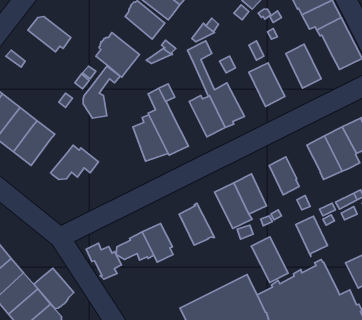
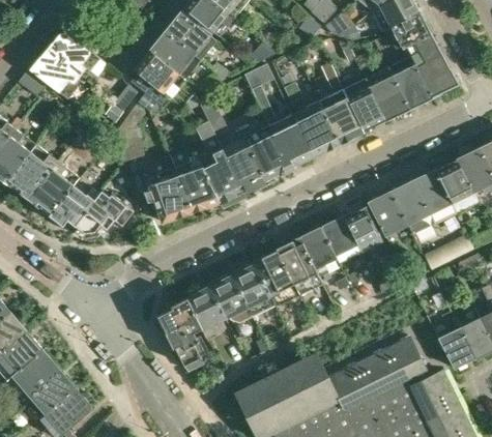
building: none -> [149,32,199,79]
building: none -> [29,49,80,98]
building: none -> [386,55,430,109]
building: none -> [342,78,384,130]
building: none -> [294,100,339,153]
building: none -> [222,137,266,192]
building: none -> [147,168,191,221]
building: none -> [50,177,94,232]
building: none -> [368,191,406,234]
building: none -> [209,275,251,321]
building: [296,216,328,256] -> [321,215,360,265]
building: [251,237,288,282] -> [253,249,298,304]
building: [86,243,121,279] -> [165,324,208,369]
building: [34,268,74,309] -> none

